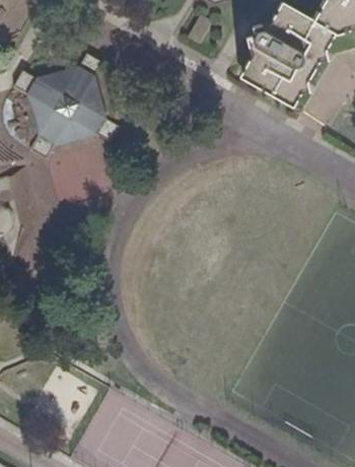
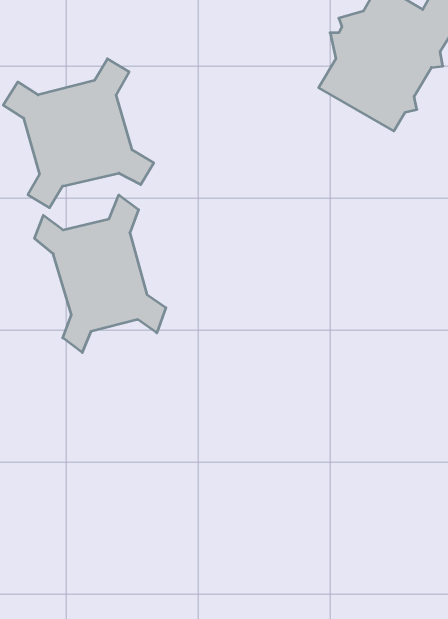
building: none -> [35,195,166,353]

